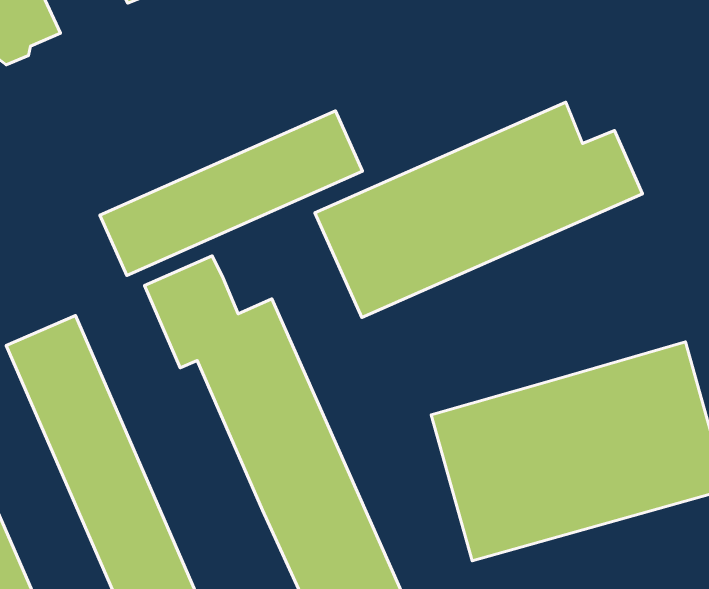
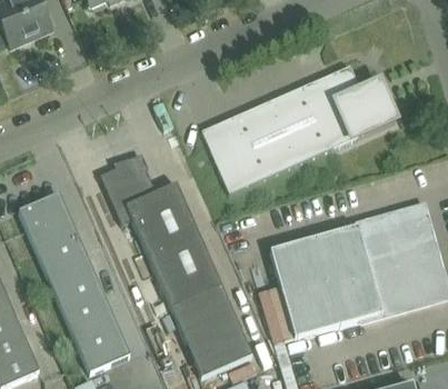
building: [100,111,362,276] -> none

